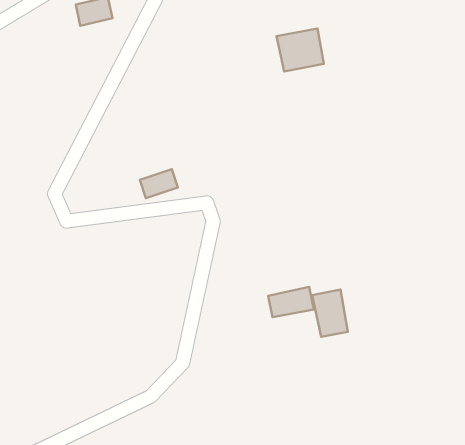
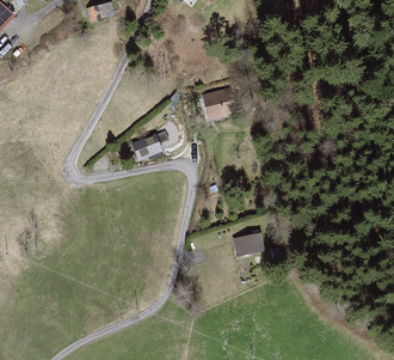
building: [276,29,324,71] -> [203,86,240,120]
building: [312,290,348,337] -> none

